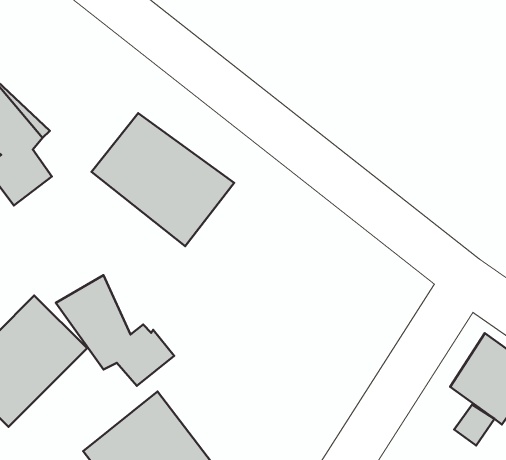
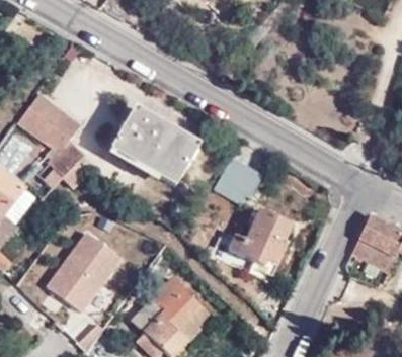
building: none -> [215,155,262,202]
building: [56,275,174,386] -> none
building: none -> [228,208,292,266]

